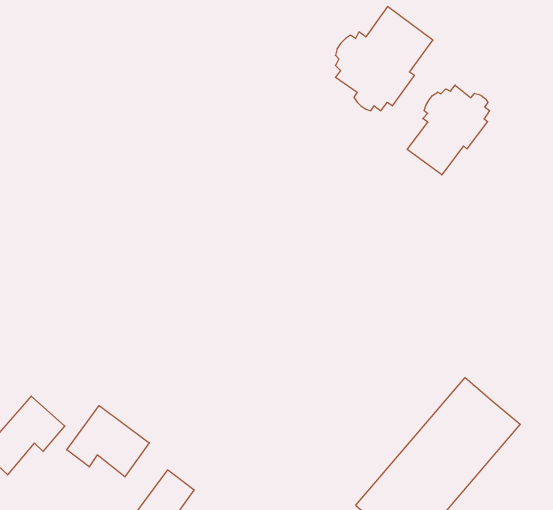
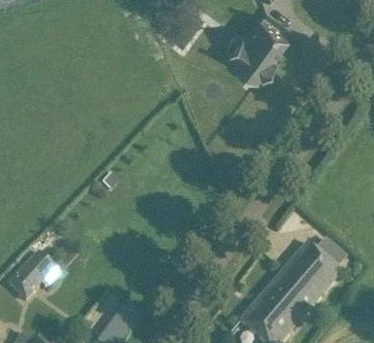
building: [407,85,490,175] -> none
building: [67,406,149,477] -> none

